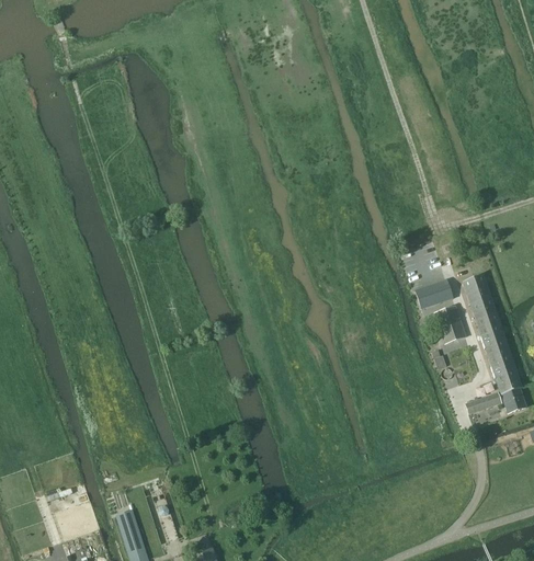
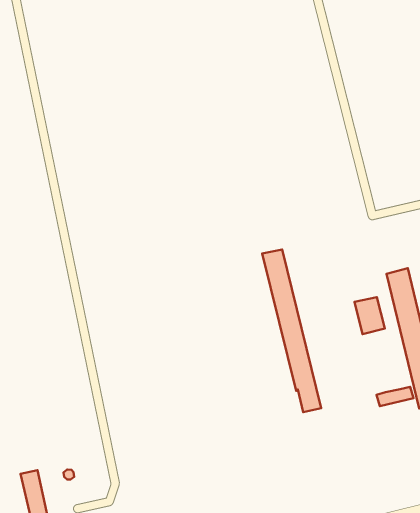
building: none -> [262,249,321,412]
building: [413,280,453,312] -> none

